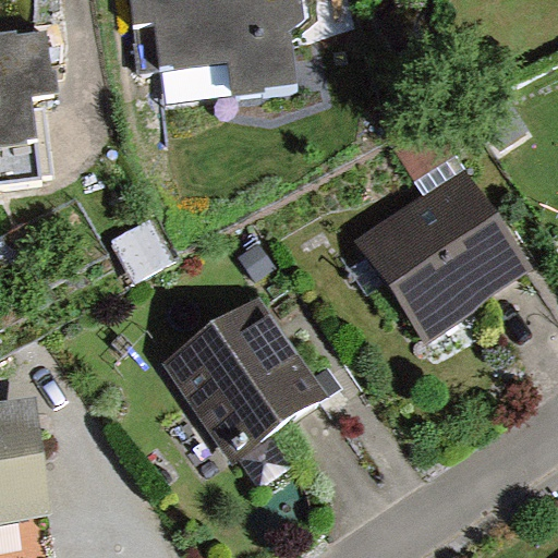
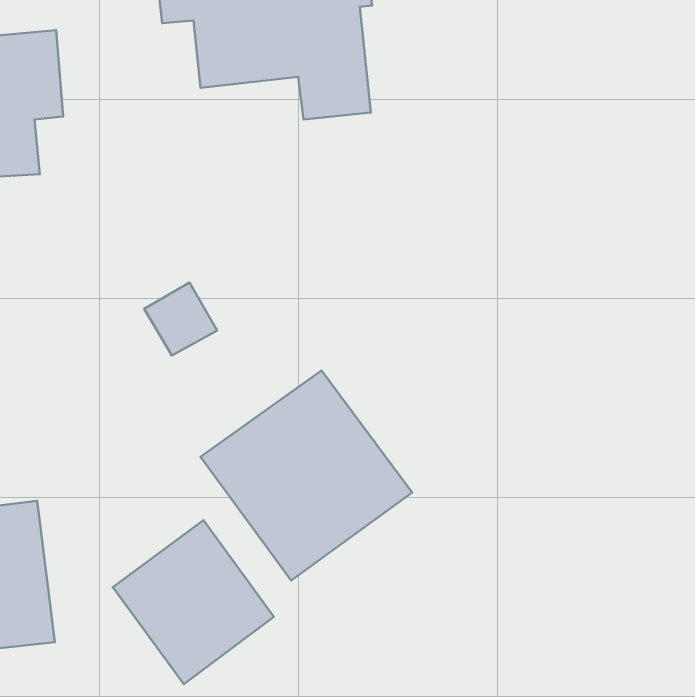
building: [357,171,530,341] -> none
building: none -> [113,520,274,684]

